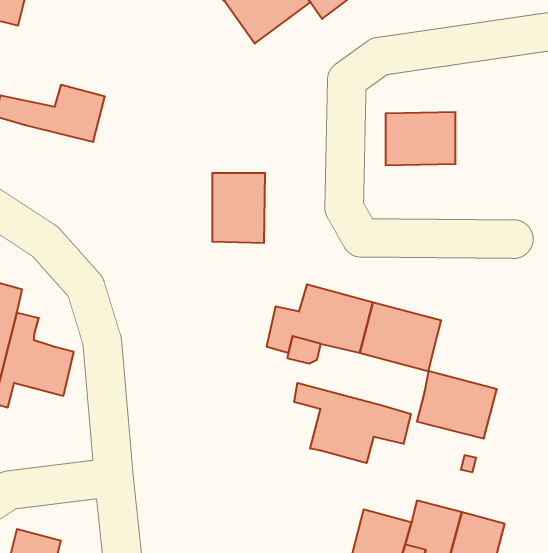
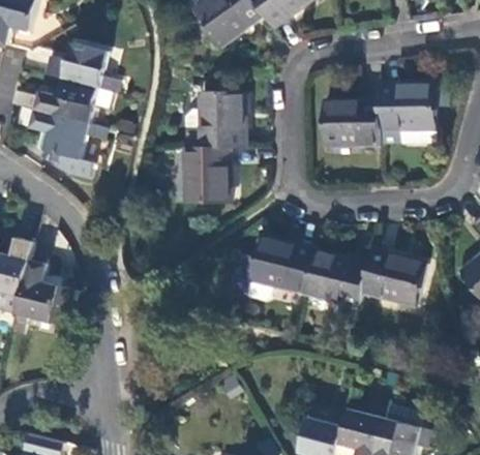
building: none -> [46,41,120,92]
building: none -> [380,84,449,141]
building: none -> [186,92,243,148]
building: none -> [32,110,107,179]
building: [417,371,497,438] -> [362,249,426,303]
building: [294,383,411,463] -> none

